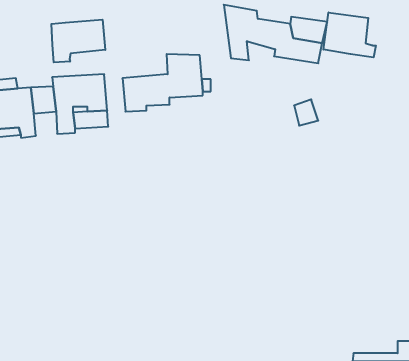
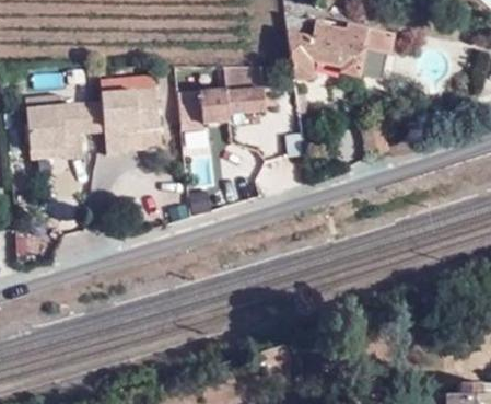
building: [323,12,376,57] -> none
building: [51,20,105,62] -> none

